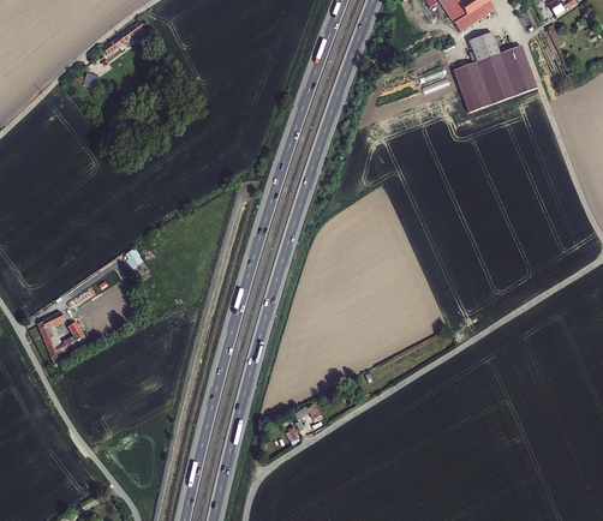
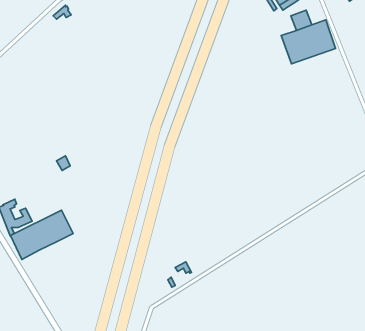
building: none -> [11,210,73,259]

